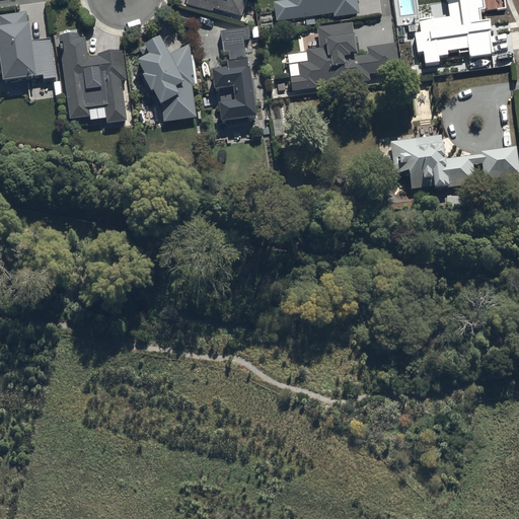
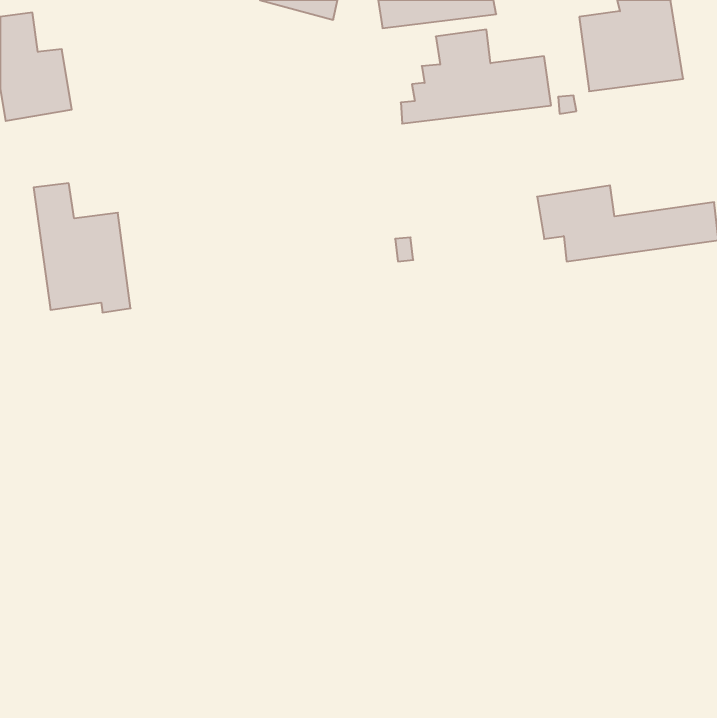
building: [211,25,256,125] -> none
building: [58,28,128,122] -> [34,183,131,312]
building: [133,34,198,120] -> none

